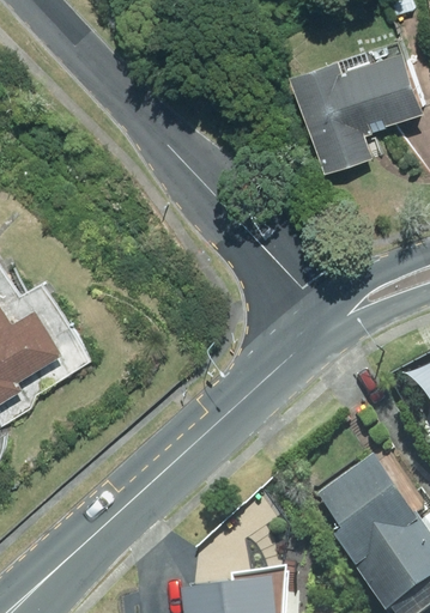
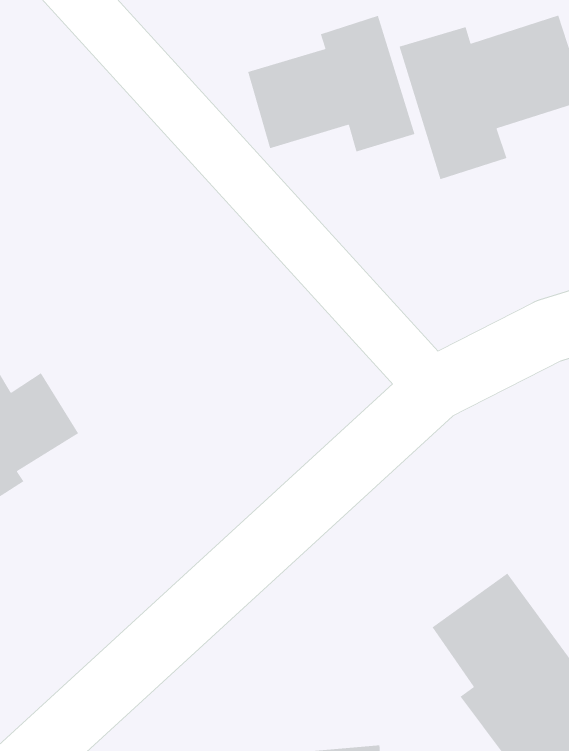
building: none -> [247,15,415,152]

